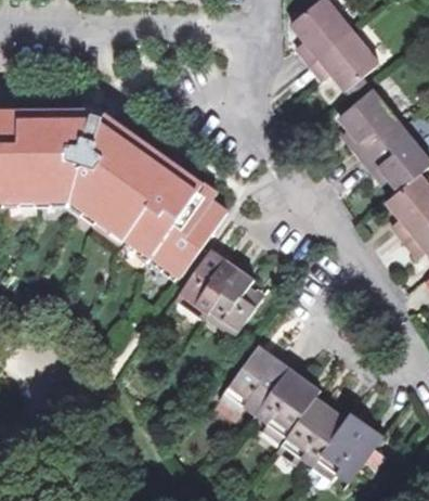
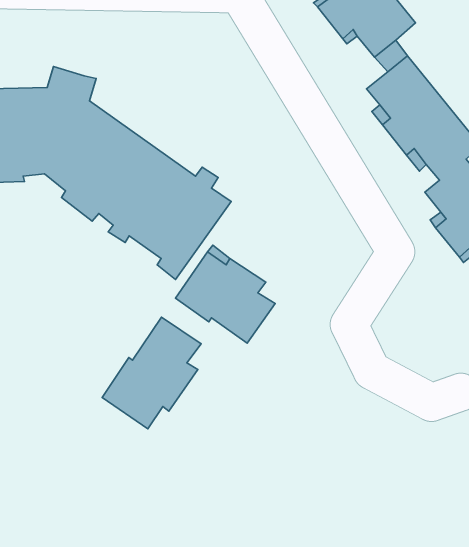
building: none -> [102,317,201,429]
building: [225,345,392,483] -> none

